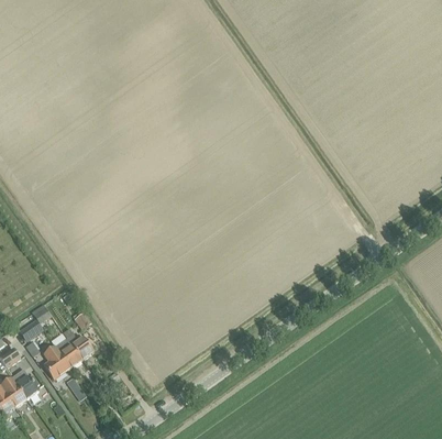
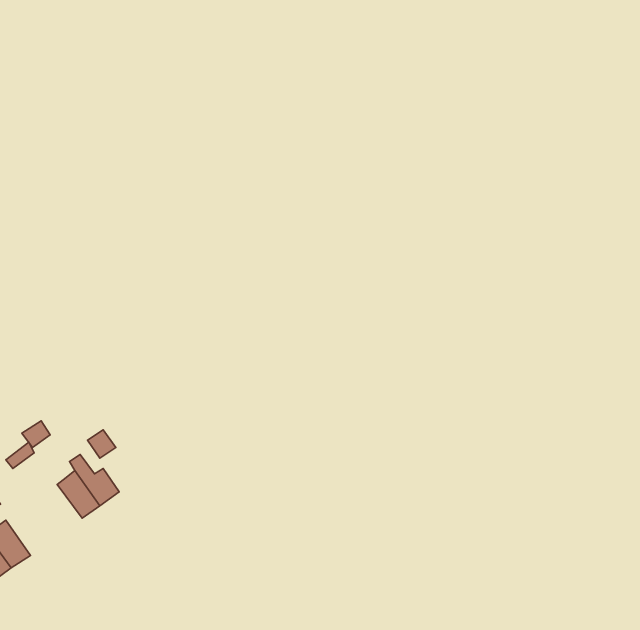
building: [43,347,70,378] -> none

